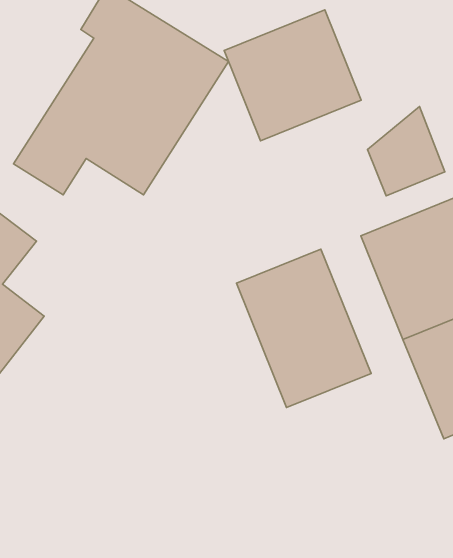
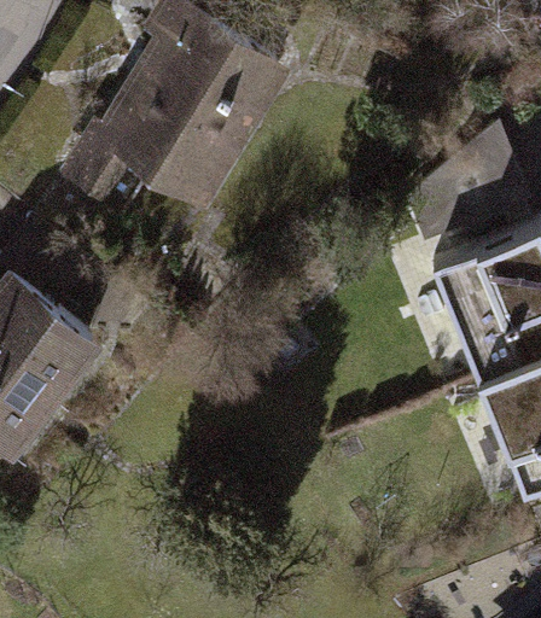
building: [224,10,361,141] -> none
building: [236,249,371,408] -> none

